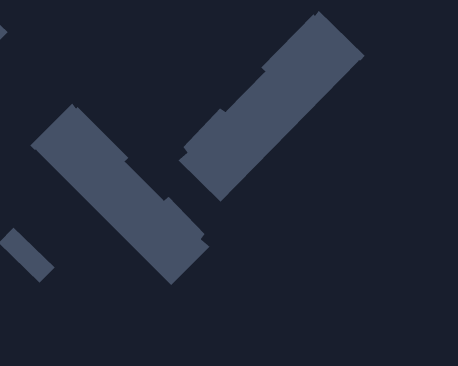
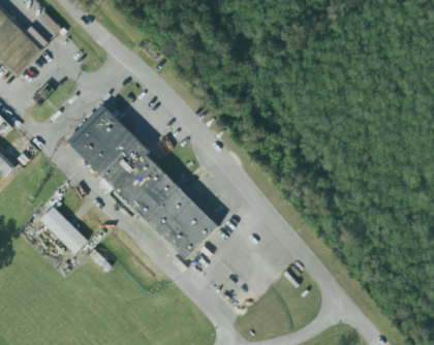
building: [178,10,366,202] -> none

